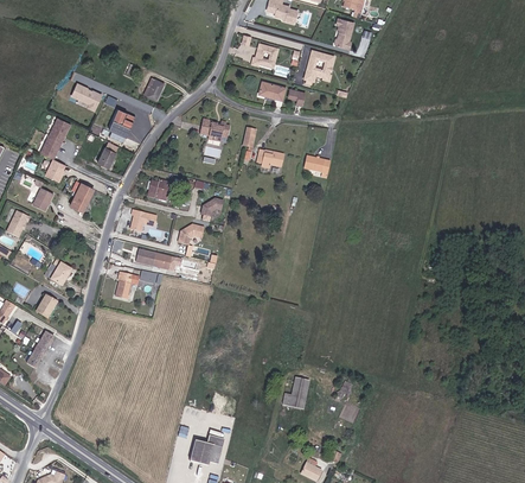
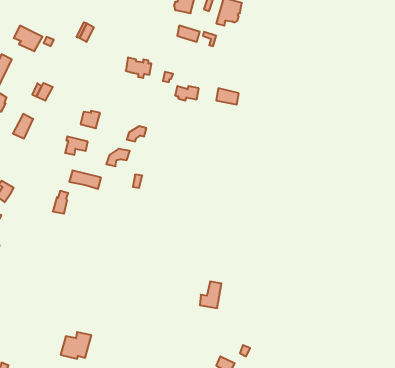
building: [109,108,136,140] -> none
building: [191,434,226,465] -> [61,332,91,359]

